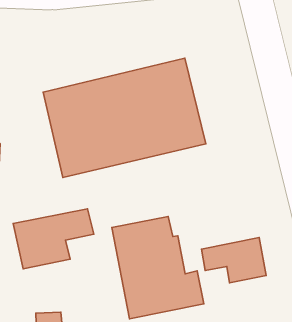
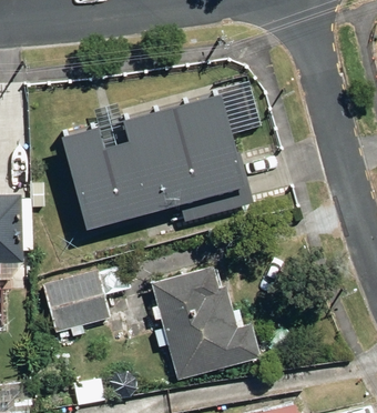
building: [202,237,266,283] -> none

